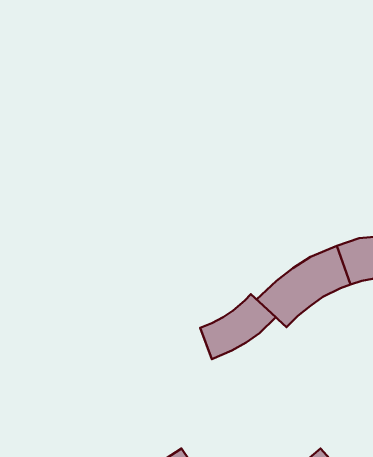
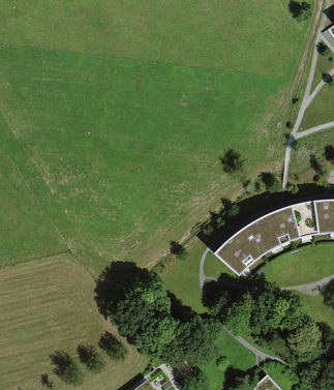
building: [200,294,276,359] -> none

